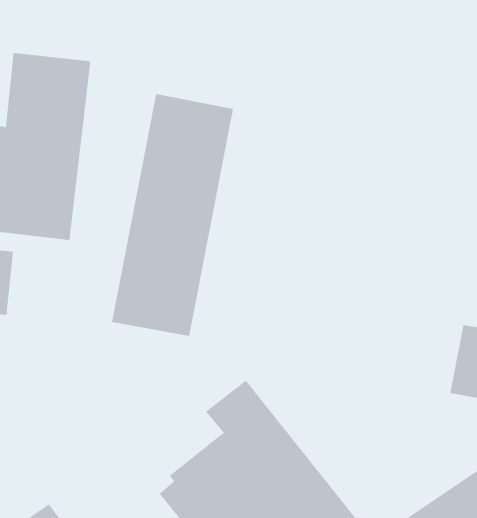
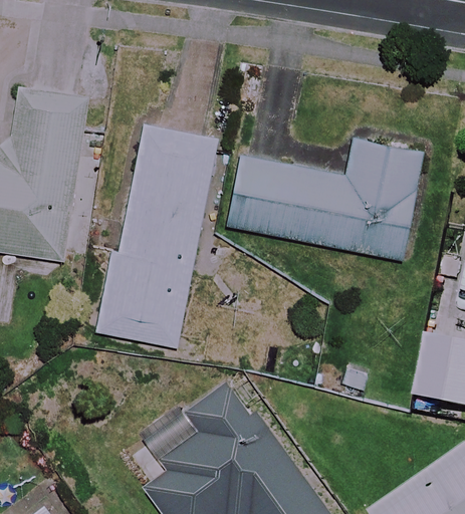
building: none -> [223,138,421,258]

